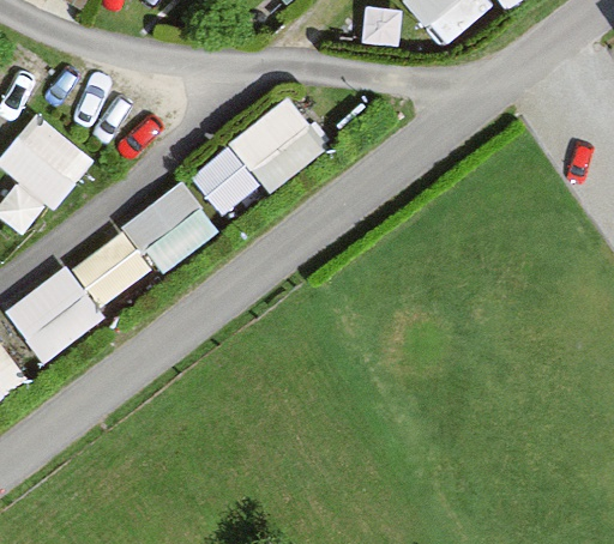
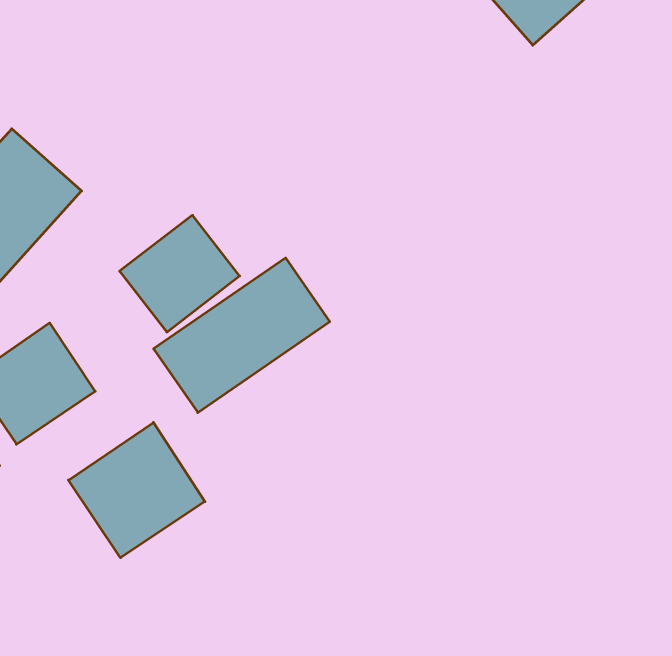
building: [186,96,325,218] -> [154,258,330,413]
building: none -> [68,422,205,558]

